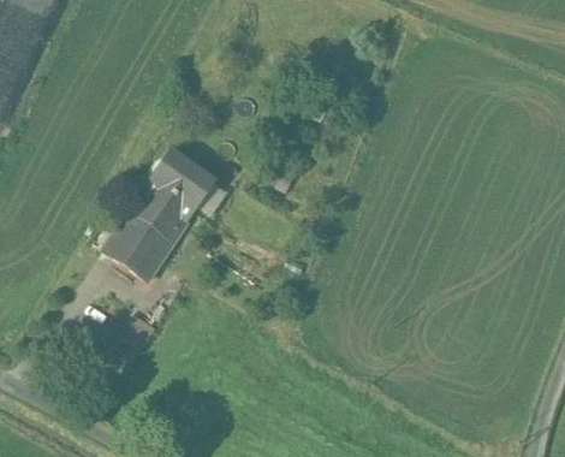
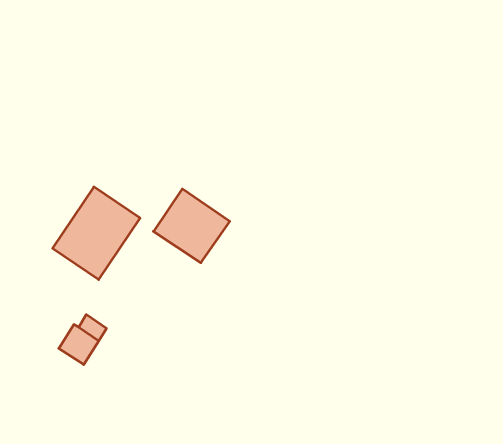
building: [143,148,216,219] -> [153,189,230,263]

